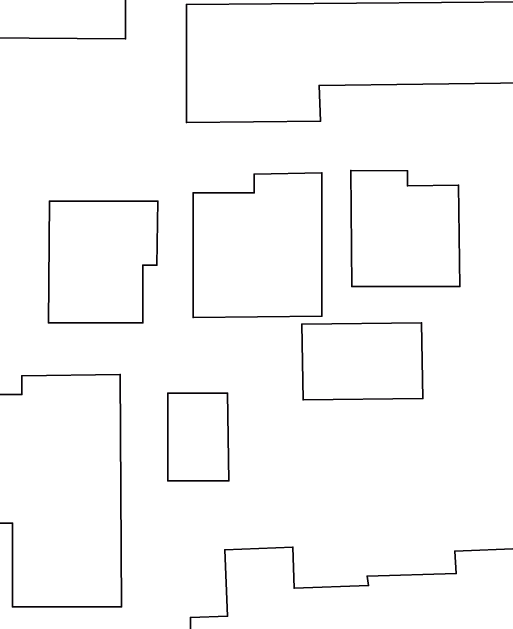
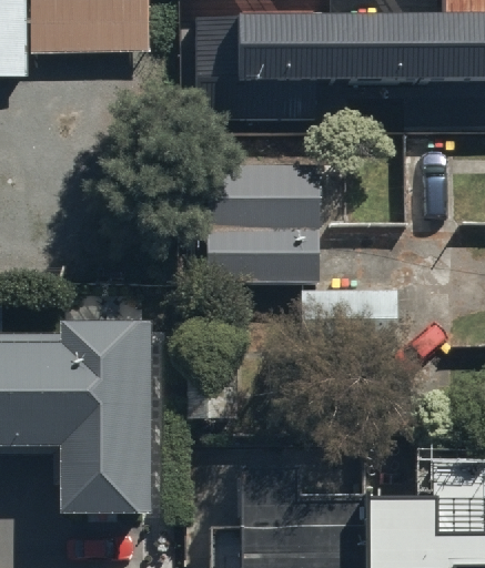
building: [351,170,460,287] -> none
building: [48,201,158,323] -> none

